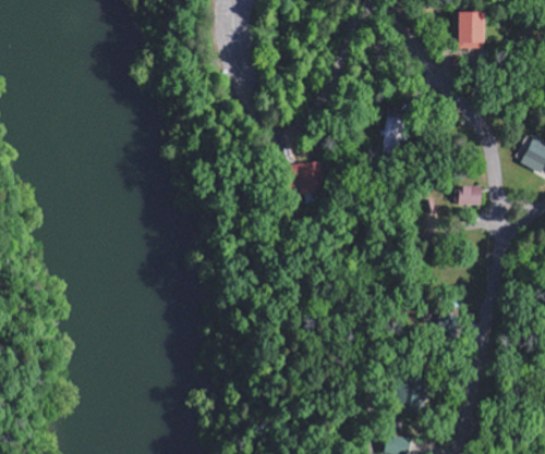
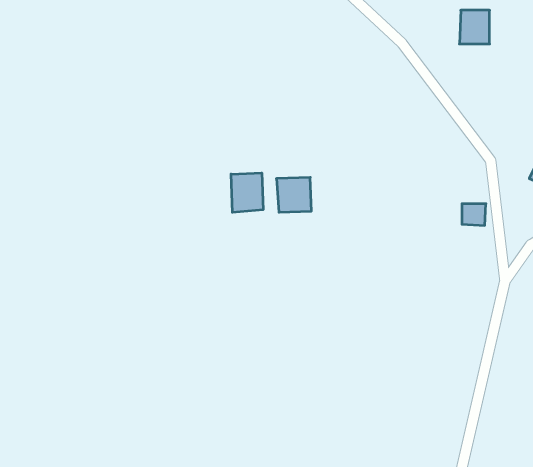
building: [382,116,407,155] -> none
building: none -> [231,173,263,212]

